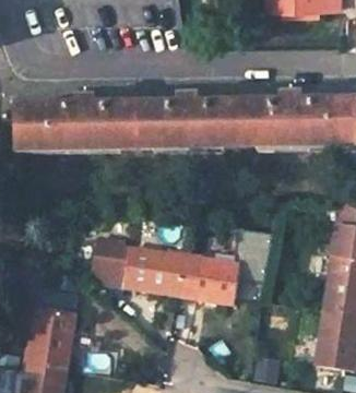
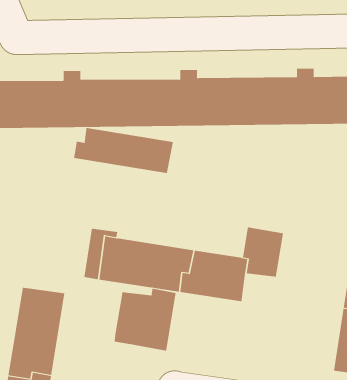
building: none -> [73,127,173,174]
building: none -> [114,288,176,351]

